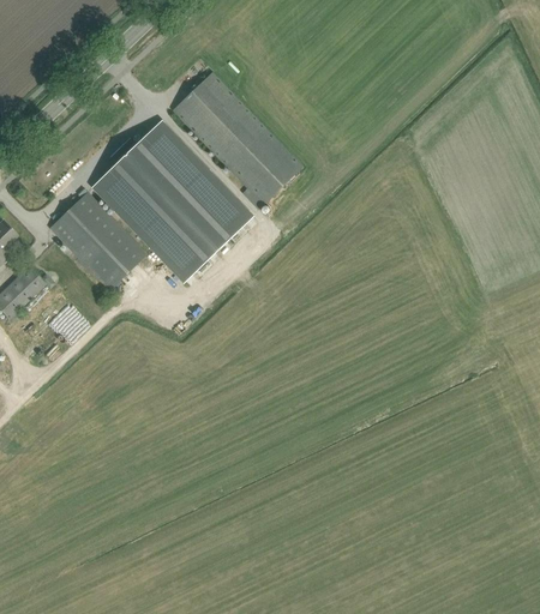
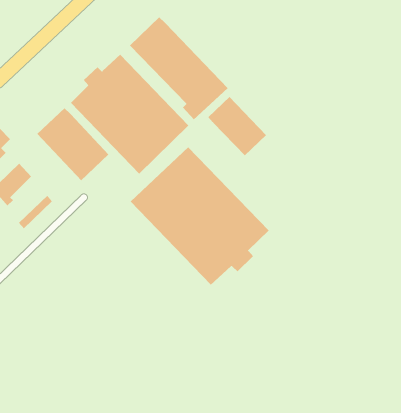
building: none -> [208,96,267,156]
building: none -> [130,146,269,286]

